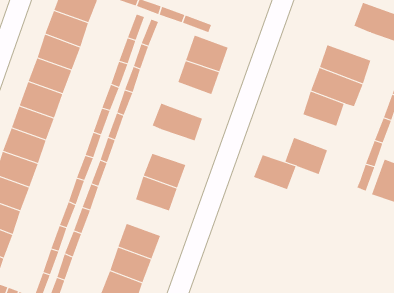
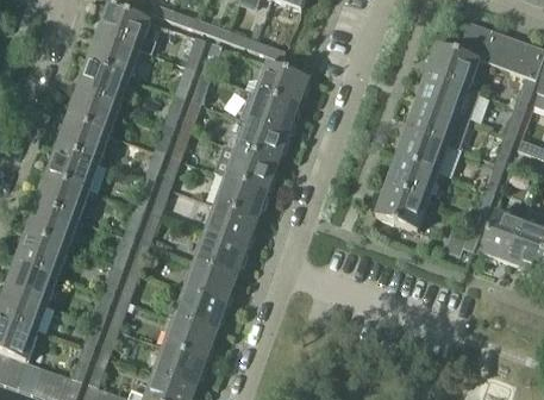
building: none -> [426,43,481,92]
building: none -> [226,118,287,162]
building: none -> [214,175,267,218]
building: [253,154,297,190] -> [386,157,438,200]
building: none -> [183,260,236,304]

